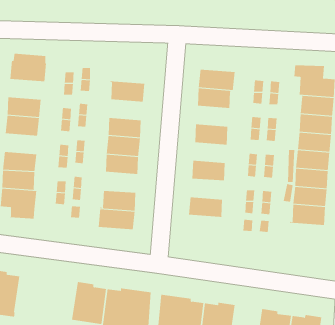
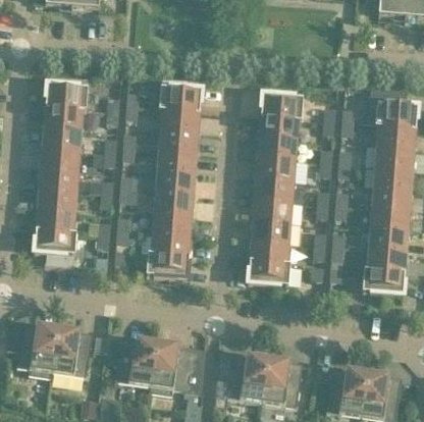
building: none -> [159,78,201,111]
building: none -> [43,106,86,129]
building: none -> [158,129,198,153]
building: none -> [257,137,297,160]
building: none -> [39,168,77,192]
building: none -> [254,178,294,202]
building: none -> [152,212,192,235]
building: none -> [251,220,290,244]
building: none -> [248,261,289,285]
building: none -> [362,270,405,295]
building: none -> [51,330,93,377]

